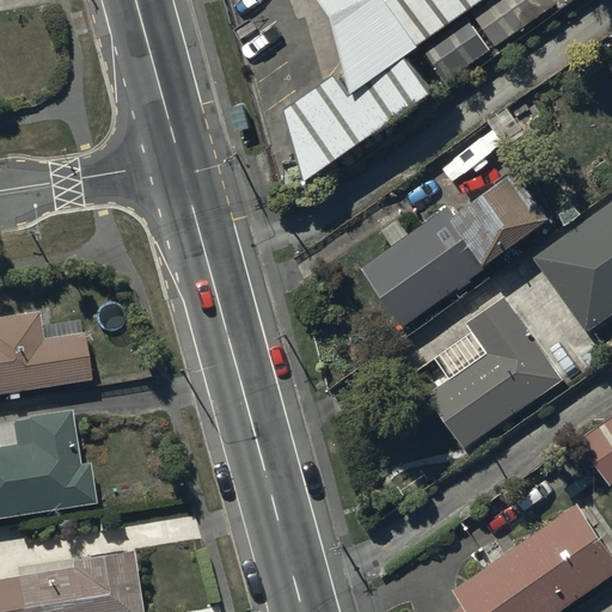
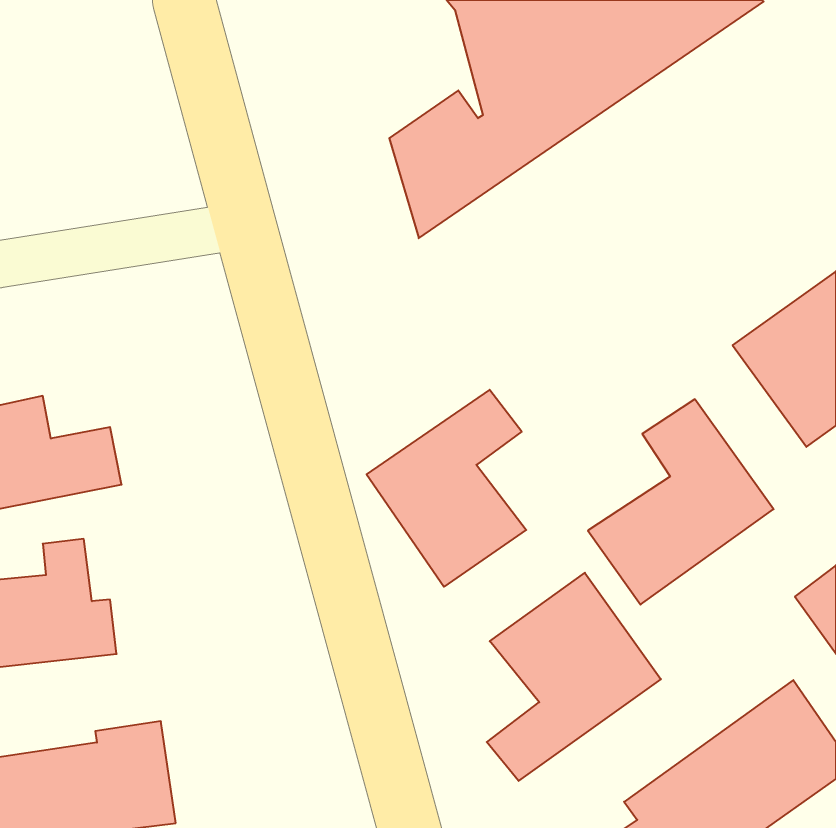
building: [361,175,545,330] -> none
building: none -> [367,390,526,587]
building: none -> [487,573,661,781]

